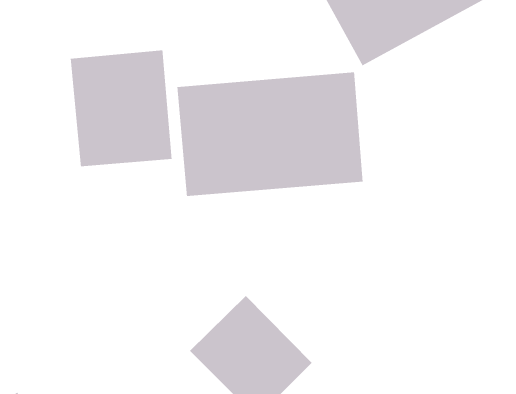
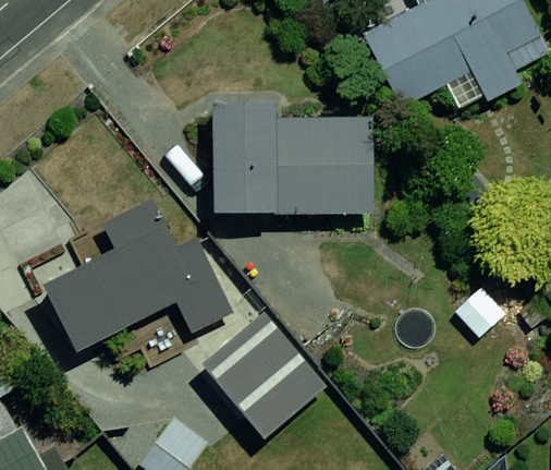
building: [70,50,172,167] -> none
building: none -> [52,219,228,362]

